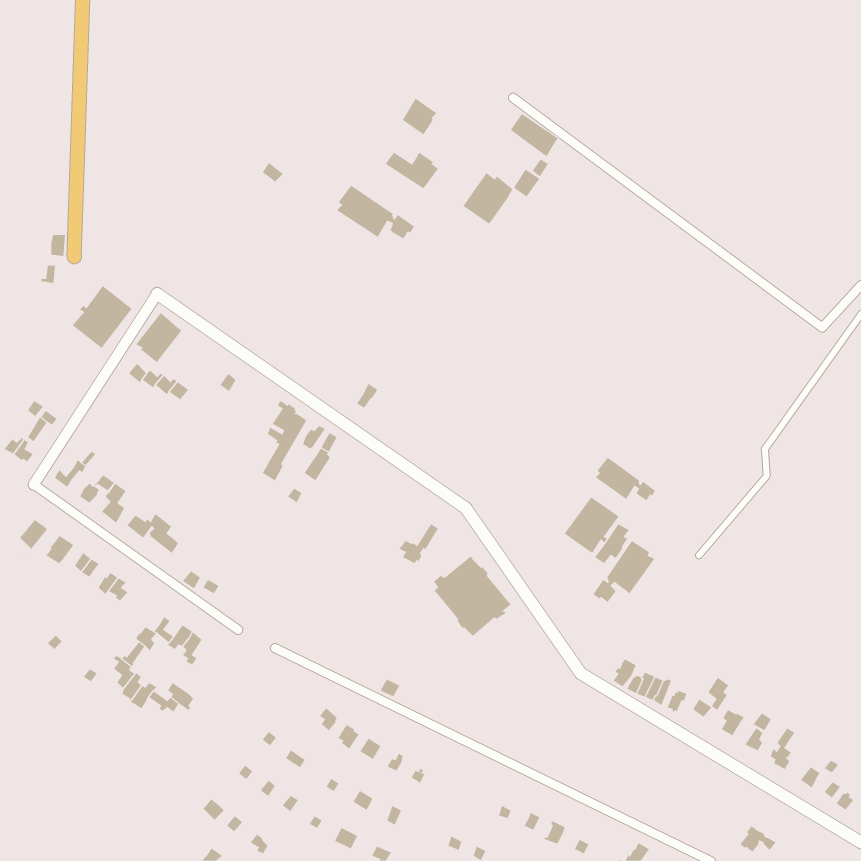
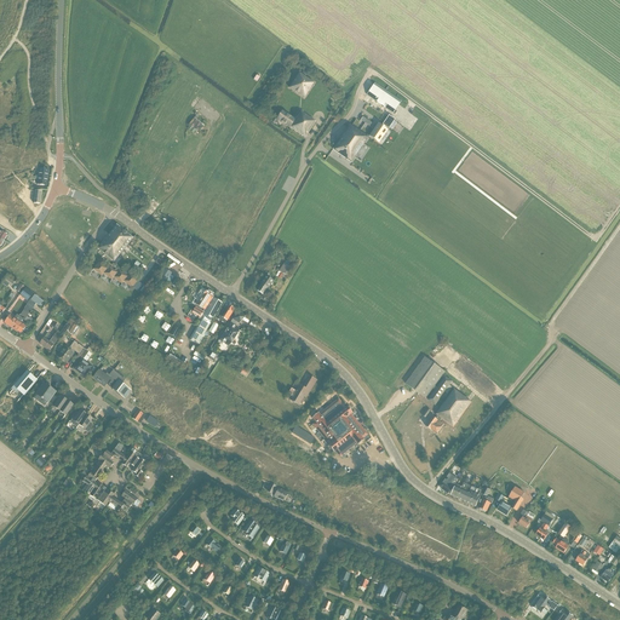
building: [336,185,415,239] -> none
building: [72,285,132,349] -> none
building: [595,457,656,501] -> none

